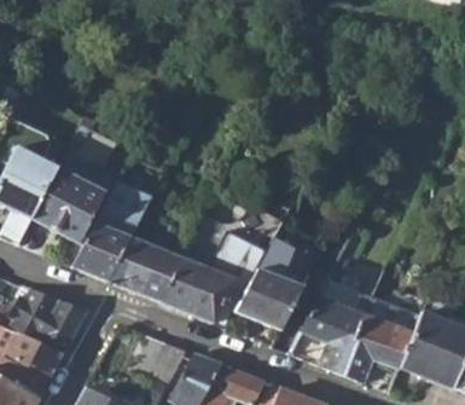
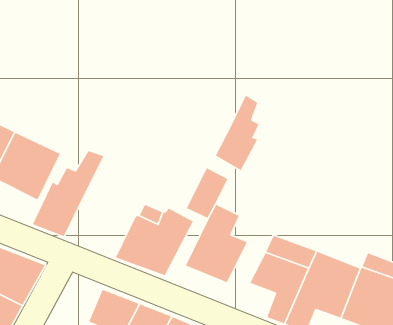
building: none -> [215,95,259,171]
building: [109,237,184,303] -> none

